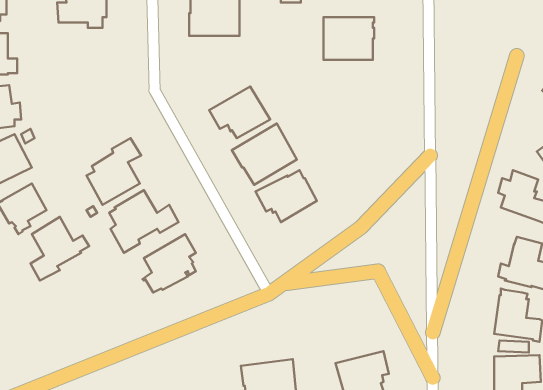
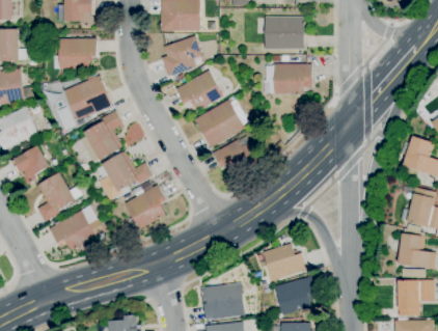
building: none -> [161,34,202,76]
building: none -> [53,37,95,68]
building: none -> [264,63,311,93]
building: none -> [63,74,112,120]
building: none -> [49,210,105,250]
building: none -> [257,243,307,280]

